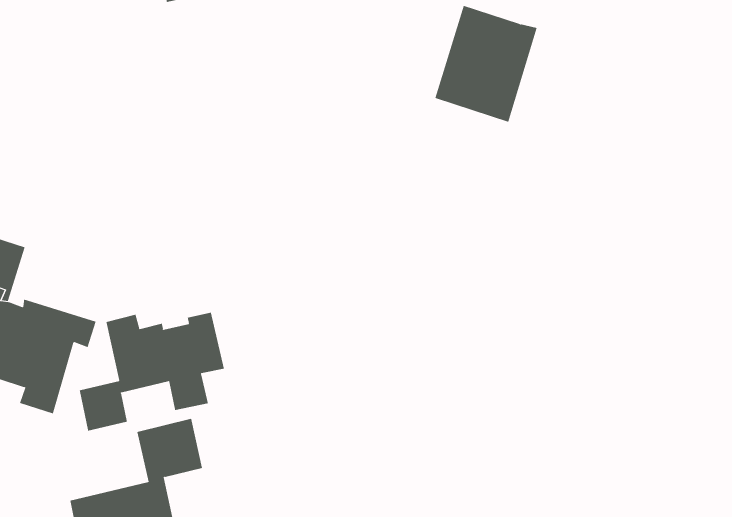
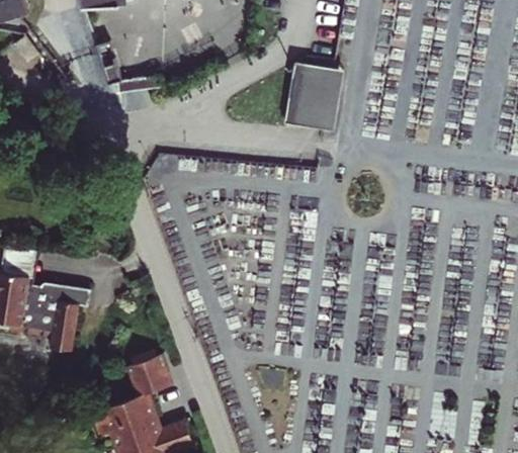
building: [79,312,225,431] -> none

